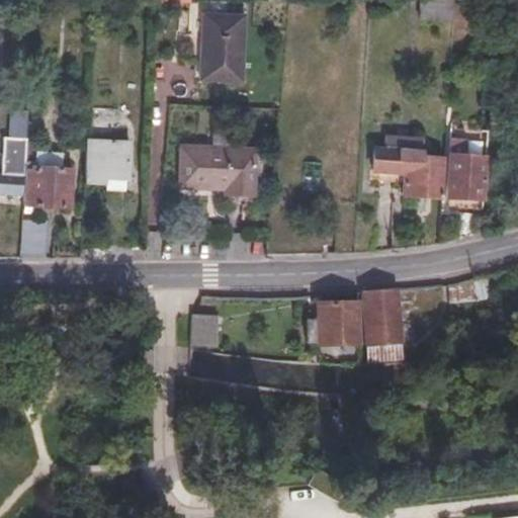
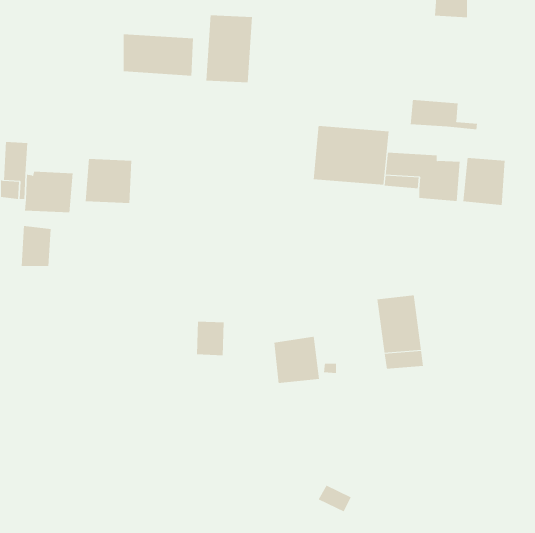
building: none -> [123,33,193,76]
building: none -> [410,99,478,130]
building: none -> [313,125,389,185]
building: [178,145,255,194] -> none
building: [320,297,364,343] -> [274,336,320,383]

